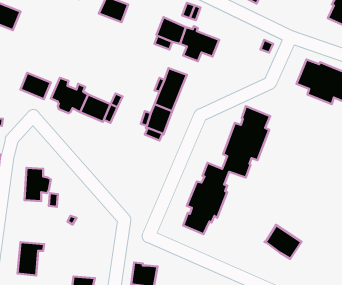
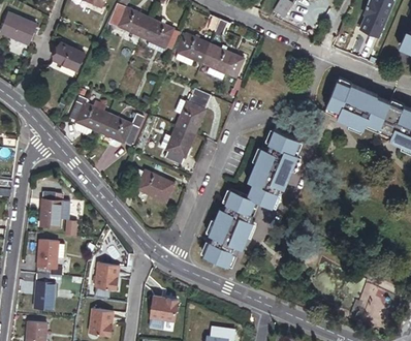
building: none -> [141,20,179,53]
building: [20,73,51,99] -> [52,43,84,71]
building: none -> [123,168,175,202]
building: none -> [35,238,60,273]
building: [265,225,301,259] -> none
building: none -> [94,260,119,287]

